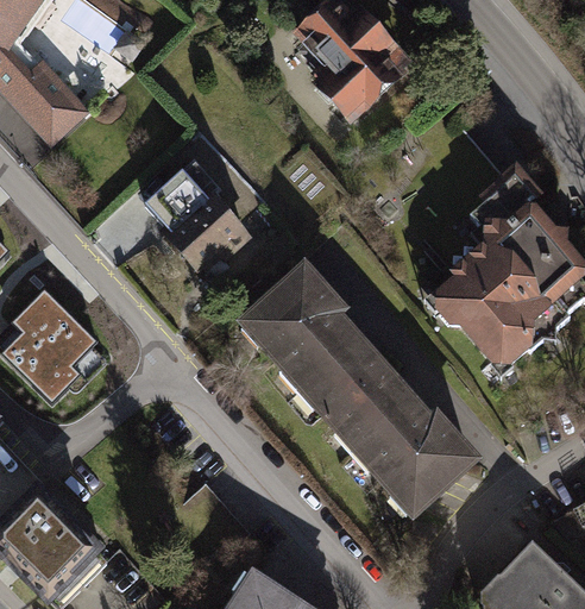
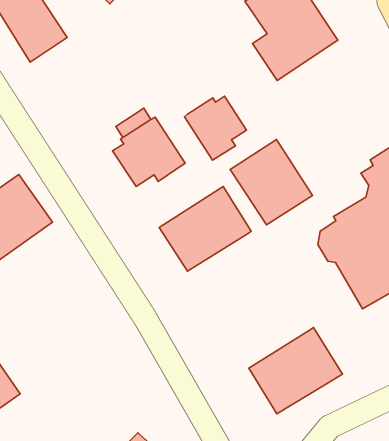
building: none -> [184,96,246,160]
building: none -> [230,139,313,225]
building: [279,308,439,470] -> none

